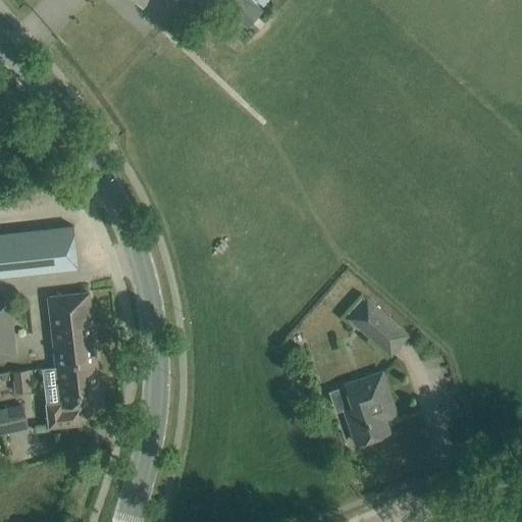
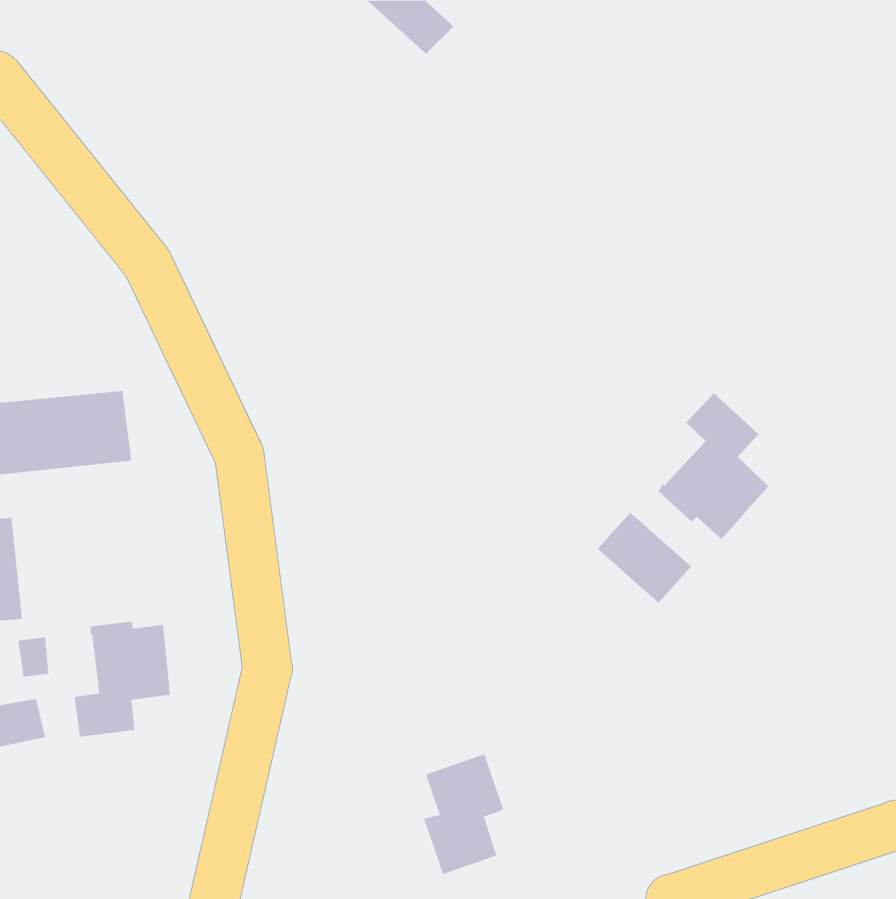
building: none -> [658,392,769,540]
building: [44,293,95,364] -> none
building: [344,373,390,443] -> [423,753,504,875]

